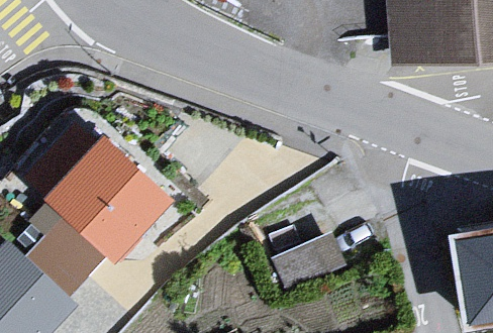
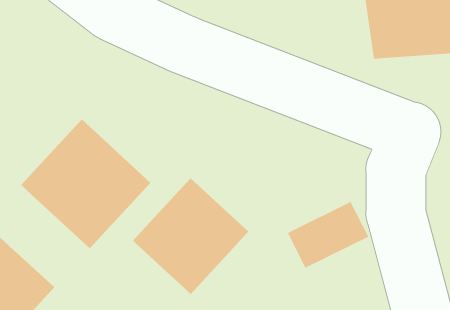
building: none -> [132,177,249,295]
building: [27,207,107,302] -> none

